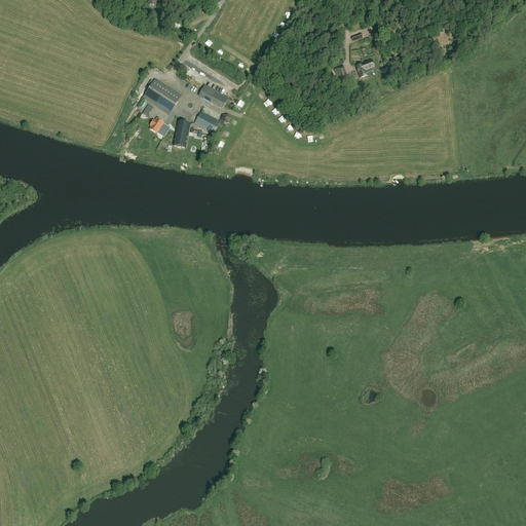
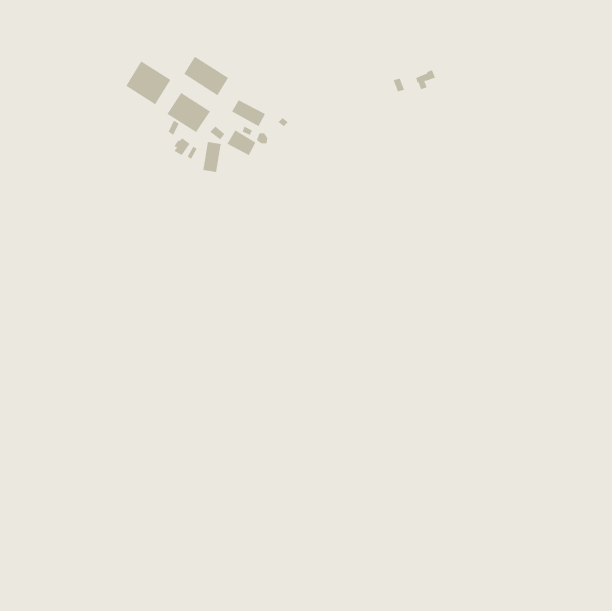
building: none -> [184,56,229,96]
building: none -> [126,61,171,105]

